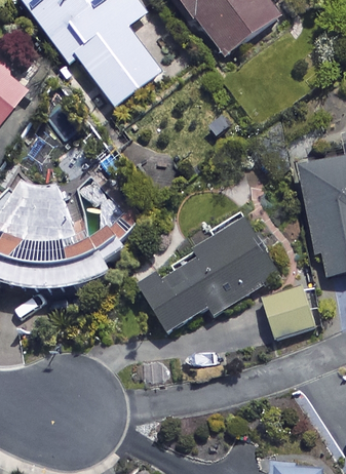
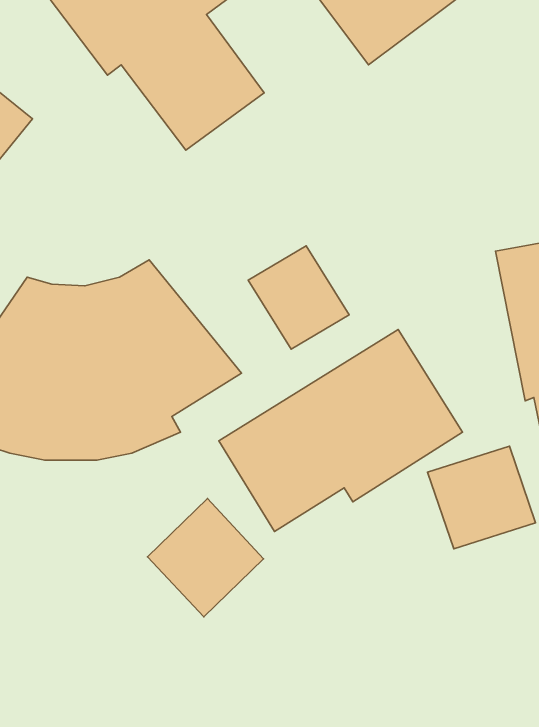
building: none -> [248,246,349,349]
building: none -> [147,499,264,617]

